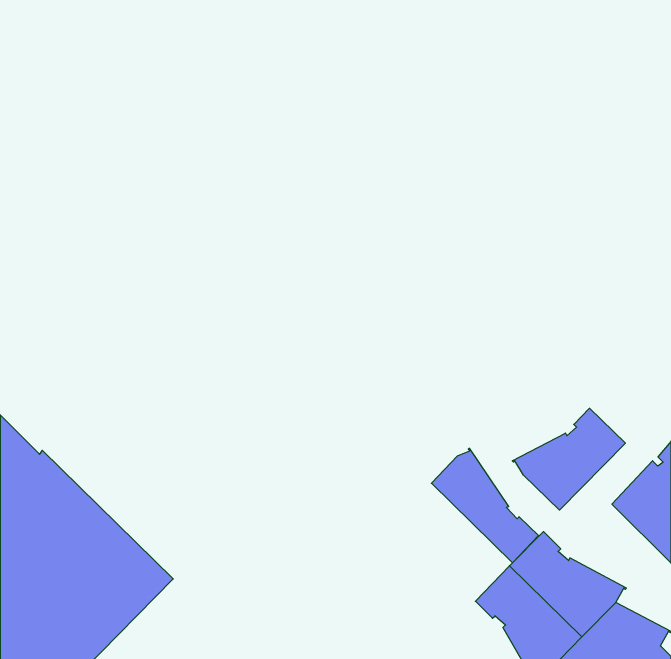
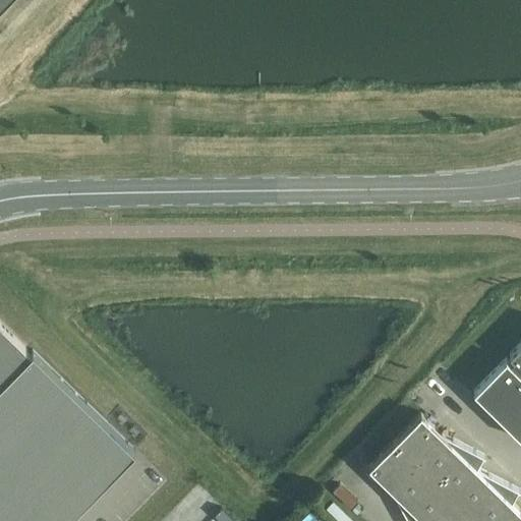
building: [512,408,625,510] -> none
building: [431,448,539,563] -> none

